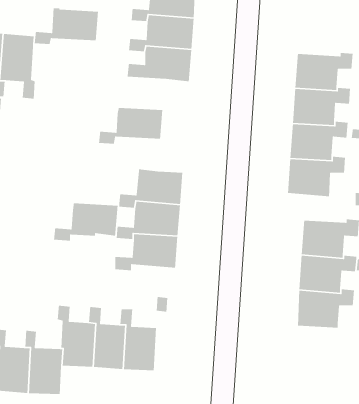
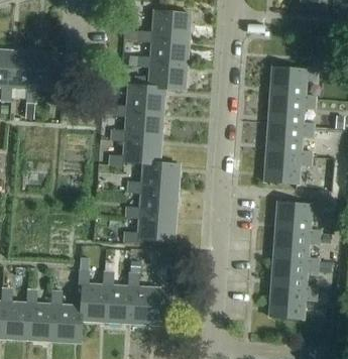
building: [34,7,99,45] -> [113,86,165,116]
building: [53,203,118,241] -> [109,135,161,166]
building: none -> [269,285,316,318]

